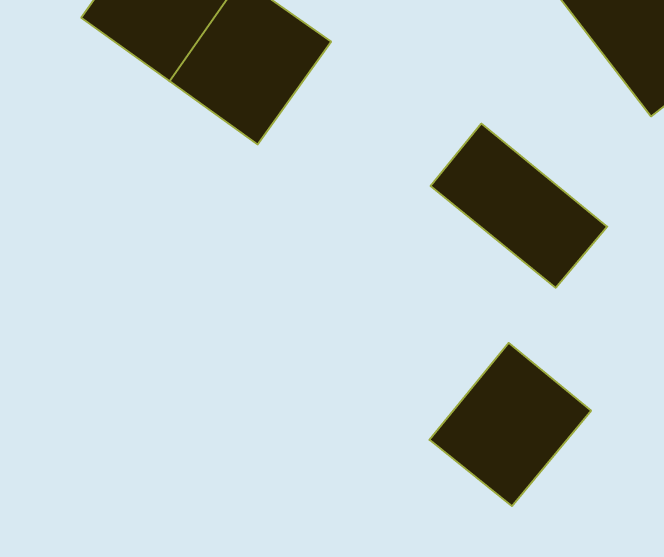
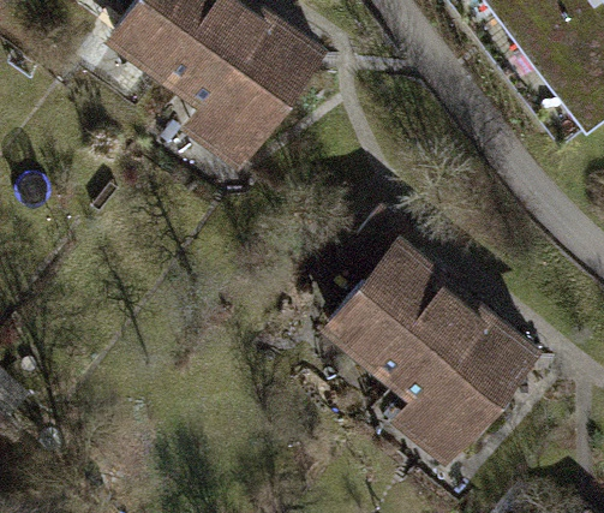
building: [431,124,607,288] -> none
building: none -> [328,247,460,382]

